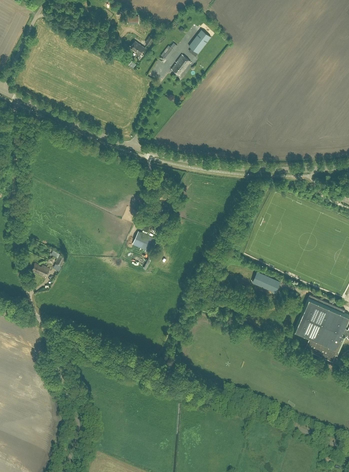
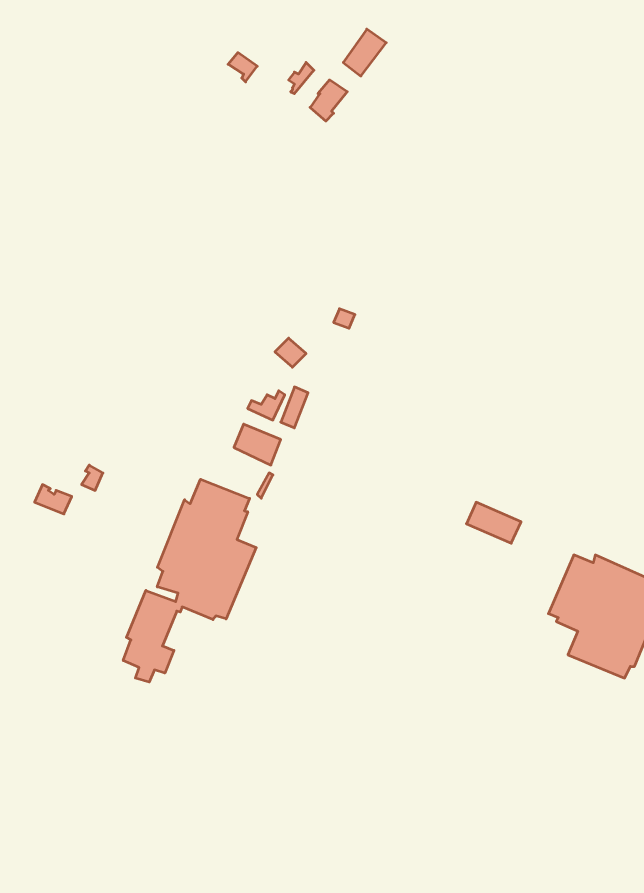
building: none -> [123,479,256,682]

